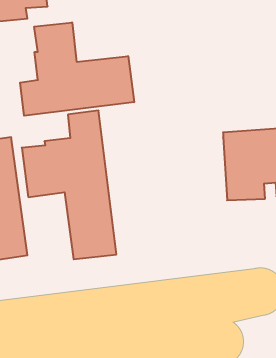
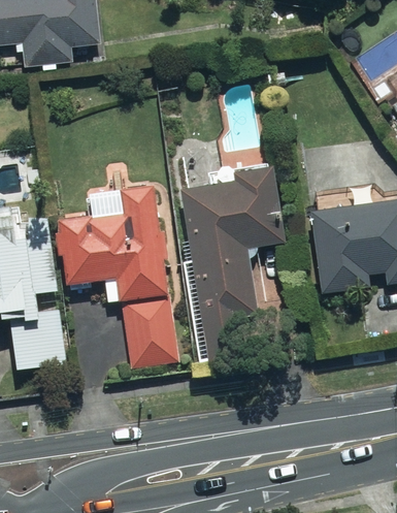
building: [20,22,134,116] -> none
building: none -> [180,168,286,359]

